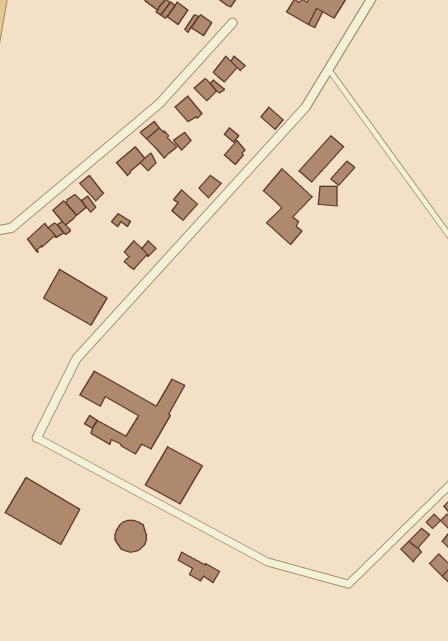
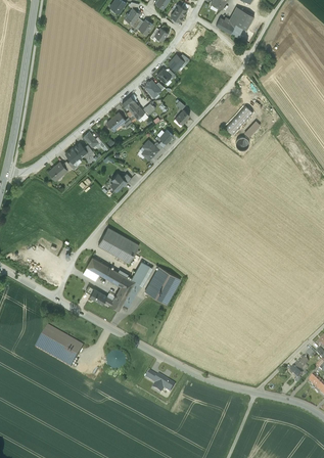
building: [263,169,312,244] -> none
building: [44,269,107,325] -> [97,227,138,263]
building: [145,447,202,504] -> [143,267,180,304]

